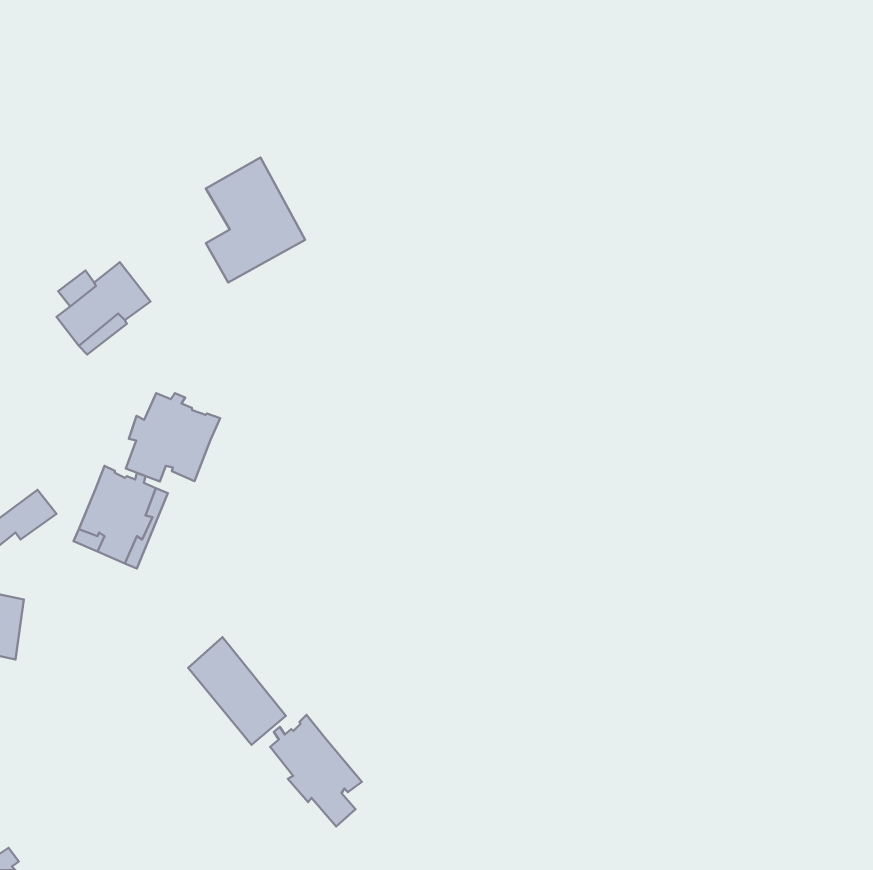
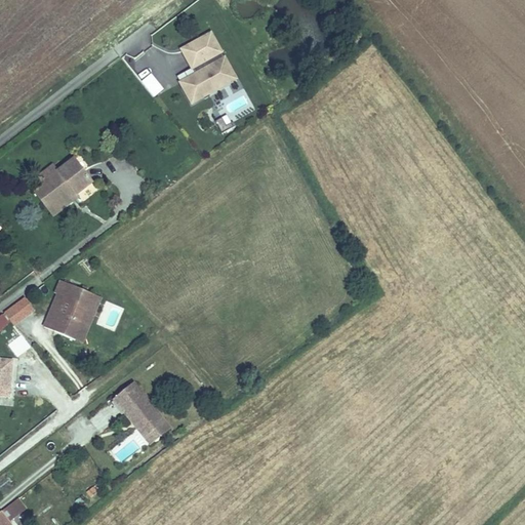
building: [206,158,305,283] -> [177,30,237,105]
building: [126,393,220,482] -> none
building: [270,715,362,827] -> none

